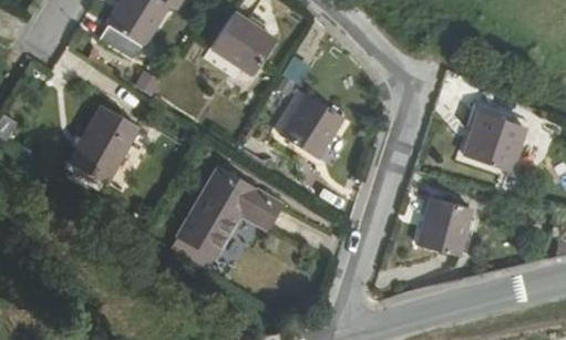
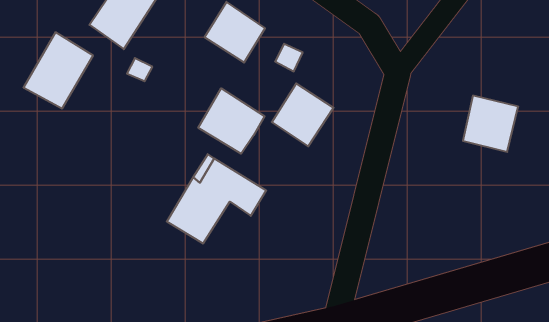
building: none -> [198,88,265,154]
building: [70,107,140,184] -> [23,32,93,108]
building: [420,193,471,250] -> none

